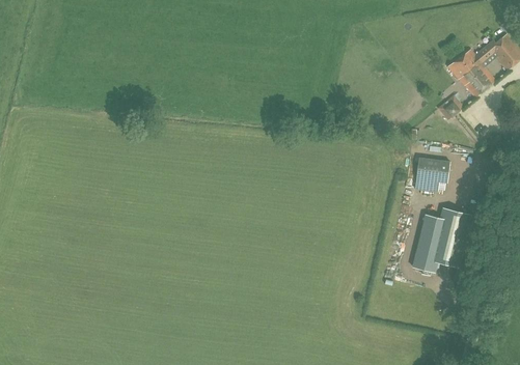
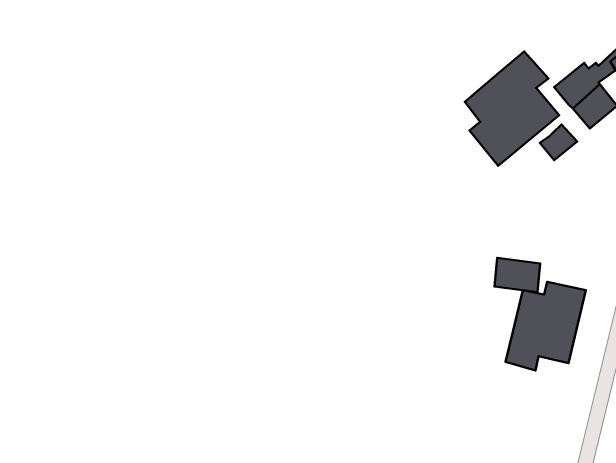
building: none -> [465,52,559,166]
building: [415,158,448,182] -> [494,258,540,292]

